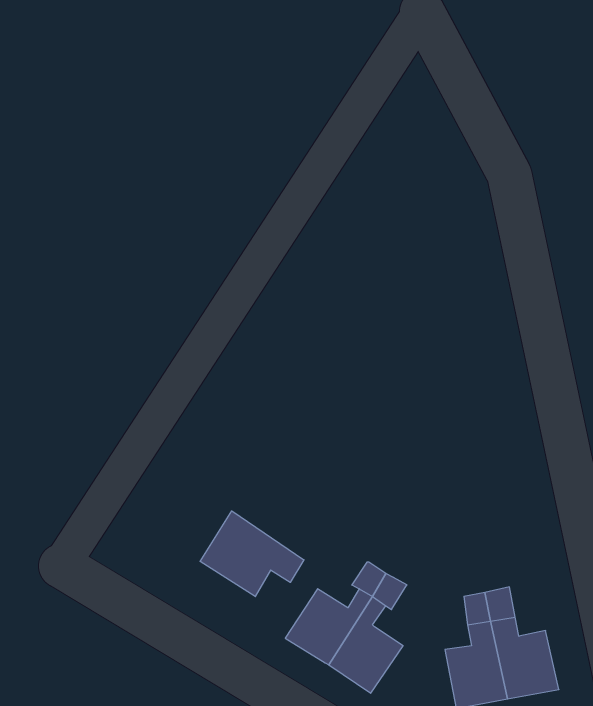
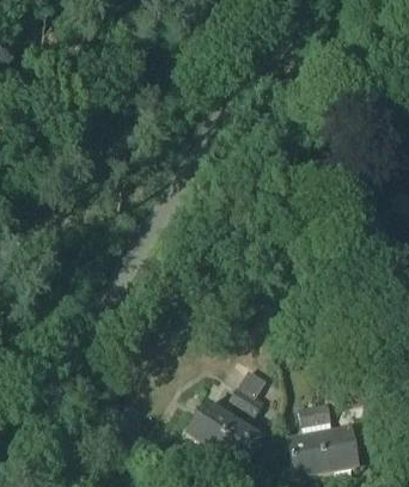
building: [200,511,304,597] -> none

